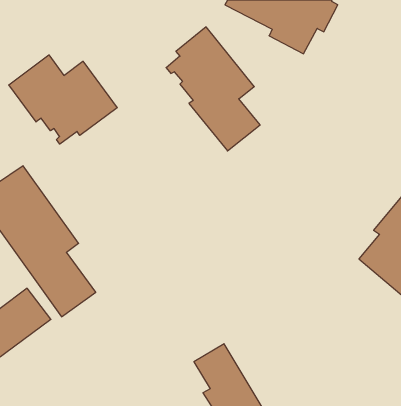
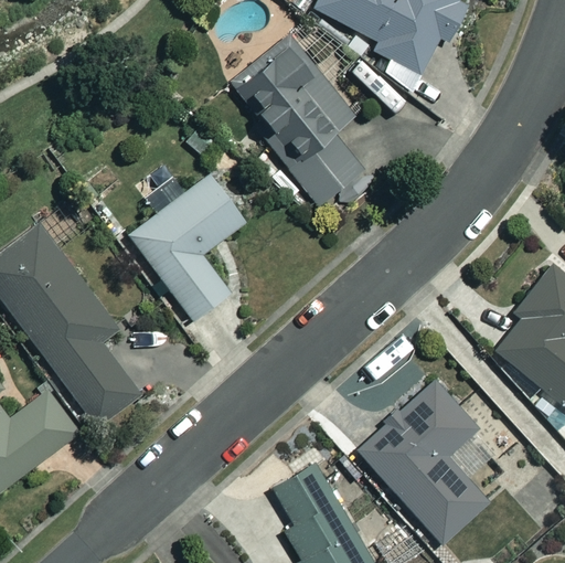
building: [9,55,117,144] -> none
building: none -> [130,176,244,320]
building: none -> [356,381,489,542]

